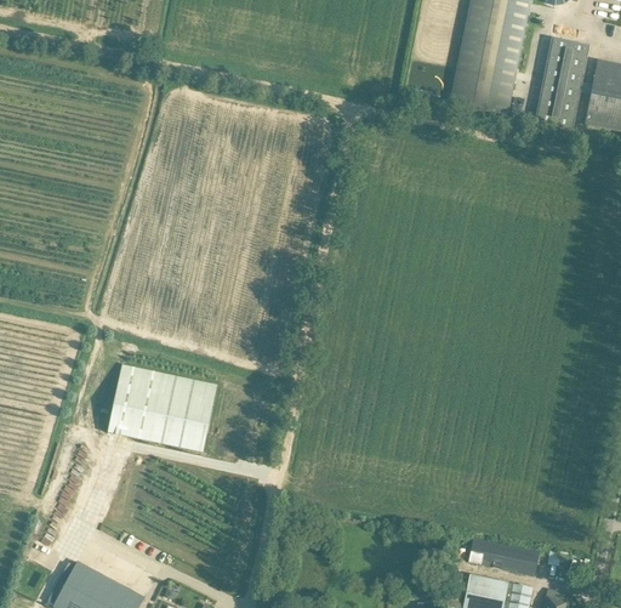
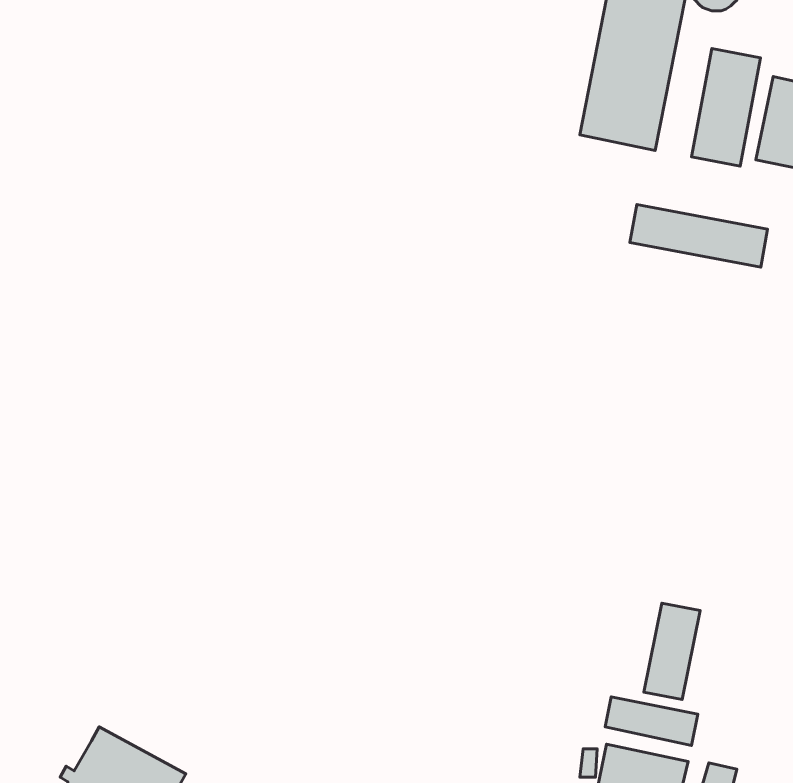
building: none -> [630,204,768,267]
building: [108,364,217,453] -> none
building: none -> [644,603,700,700]

